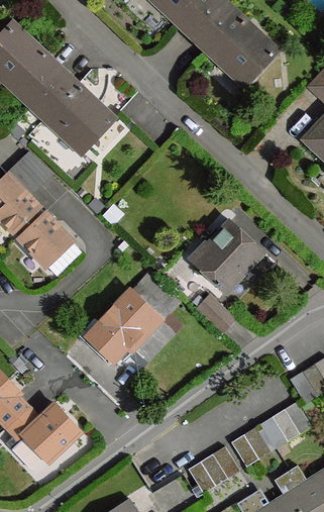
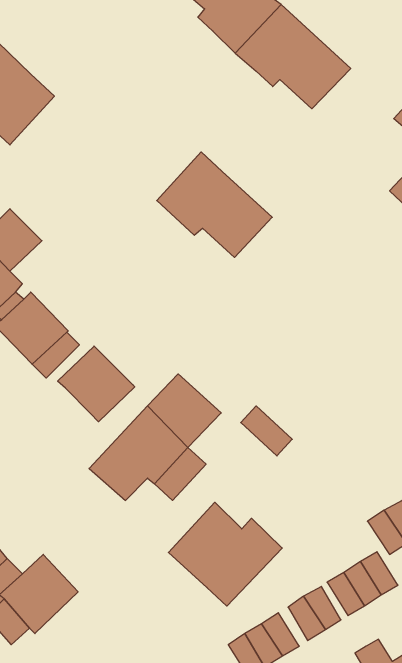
building: [29,71,113,147] -> [157,152,272,257]
building: [190,221,260,292] -> none
building: none -> [58,346,135,422]
building: none -> [168,502,282,606]

